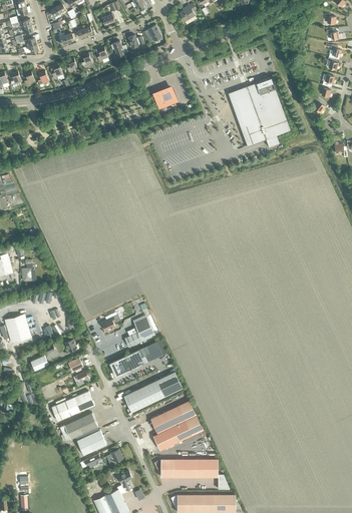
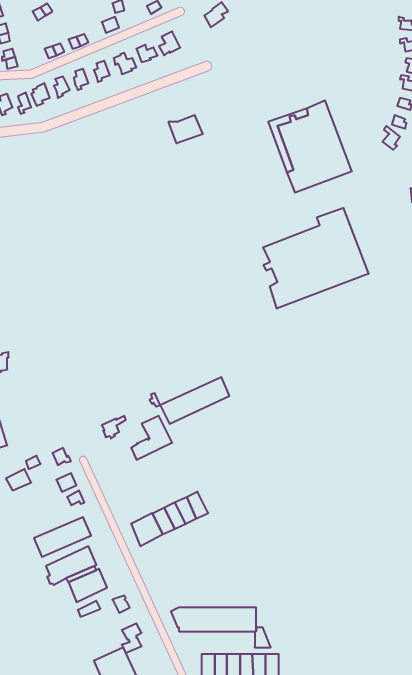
building: none -> [263,208,369,309]
building: [109,342,161,377] -> [160,377,229,424]
building: [149,400,204,451] -> none

